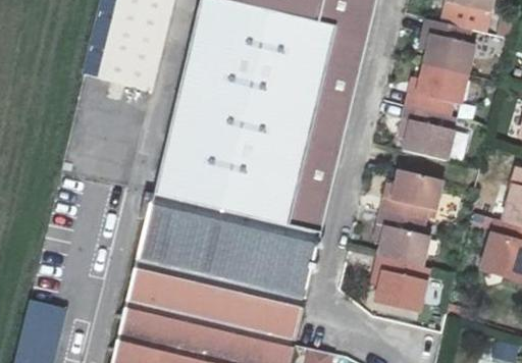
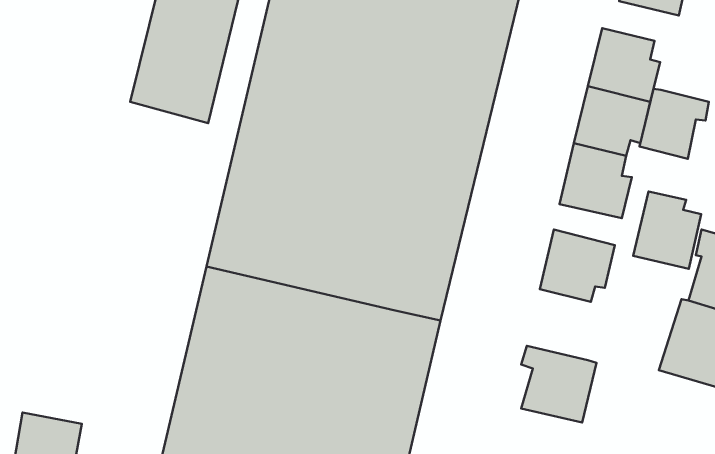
building: none -> [640,89,709,159]
building: none -> [633,191,701,269]
building: [381,211,432,262] -> none

